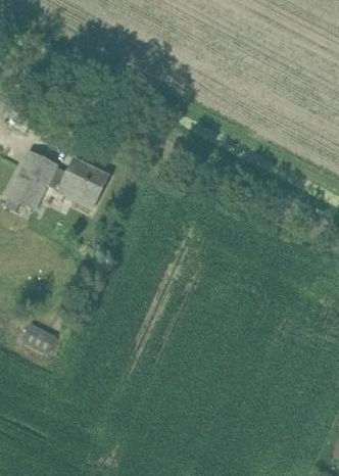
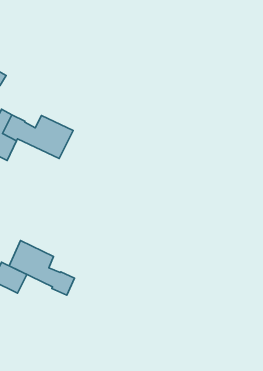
building: none -> [9,241,74,295]

